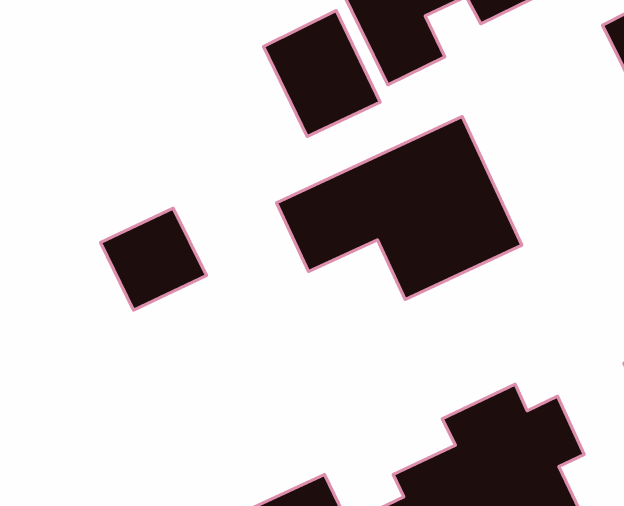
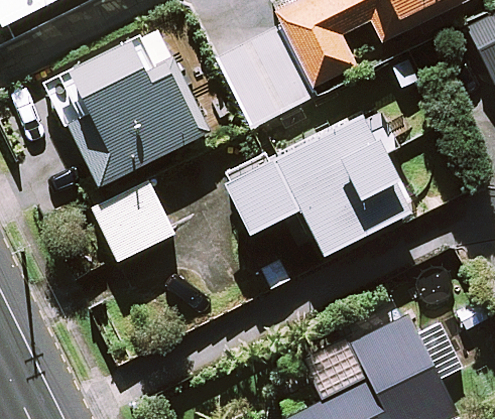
building: none -> [44,37,206,183]

